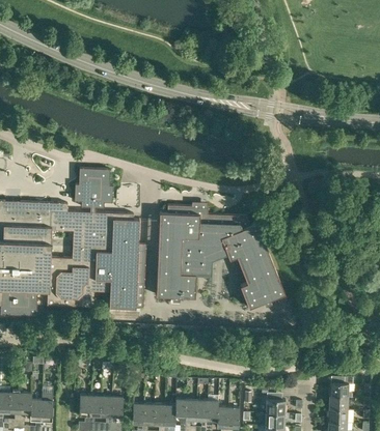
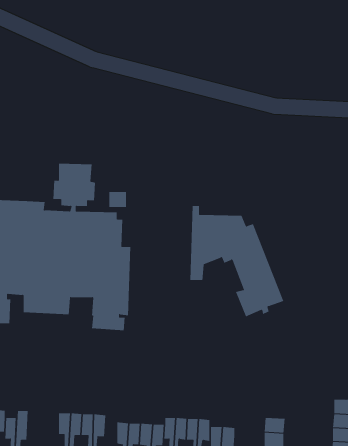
building: [156,205,200,300] -> none

